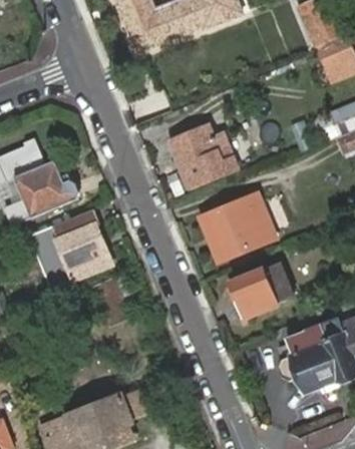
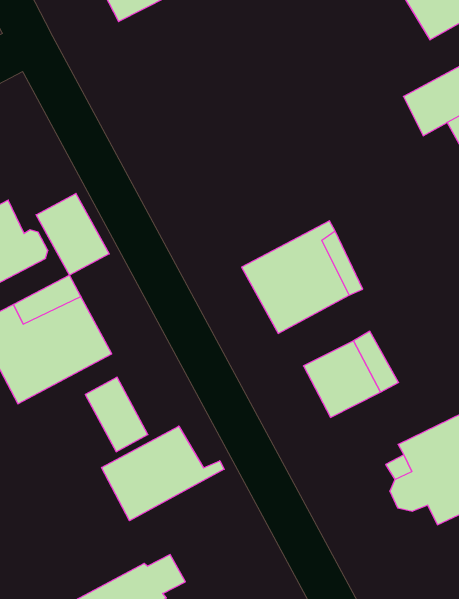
building: [167,124,236,187] -> none
building: none -> [36,193,109,275]
building: none -> [102,426,224,521]

